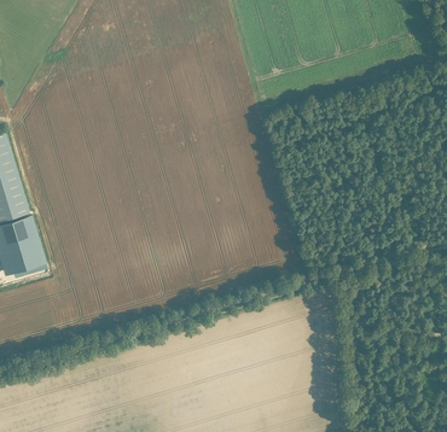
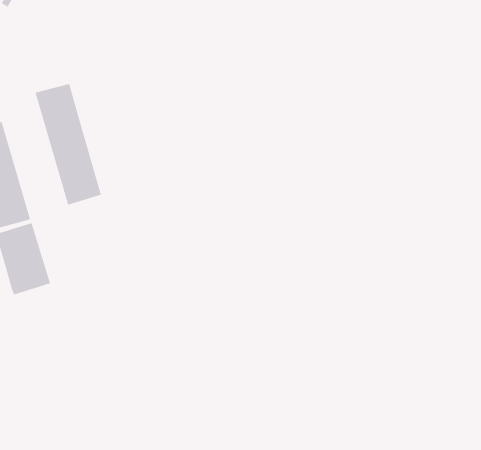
building: none -> [35,83,101,205]

